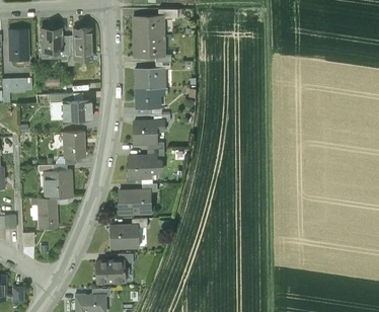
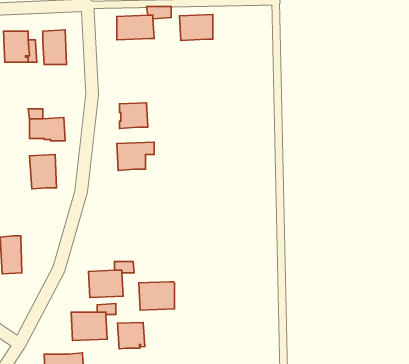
building: [134,35,161,57] -> [180,15,213,40]
building: [135,68,164,89] -> none
building: [129,156,163,180] -> none
building: [43,171,72,198] -> none
building: [120,190,149,214] -> [139,282,175,310]
building: none -> [117,322,145,349]

